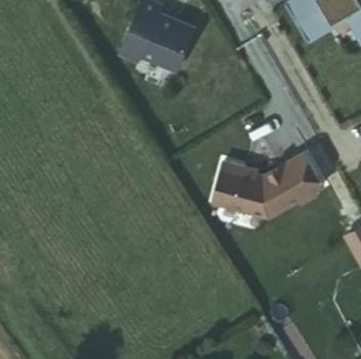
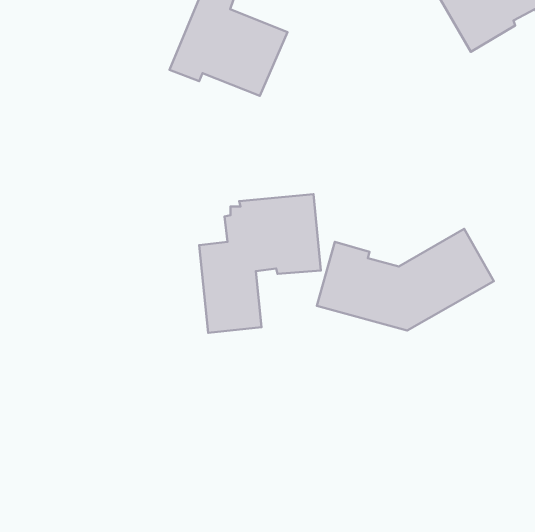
building: none -> [199,194,321,333]

